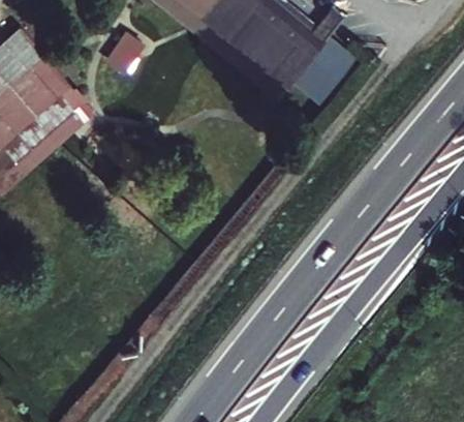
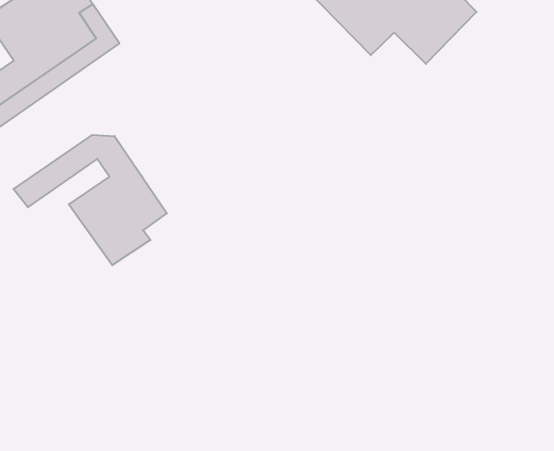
building: none -> [13,135,167,265]

